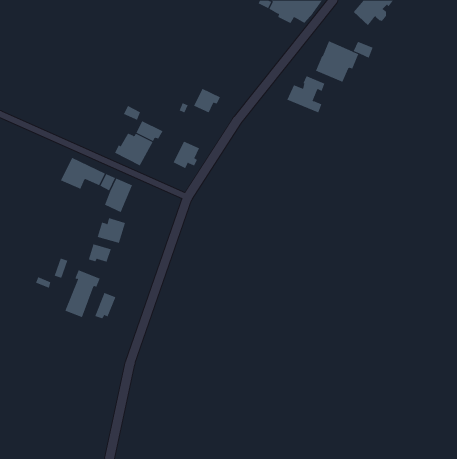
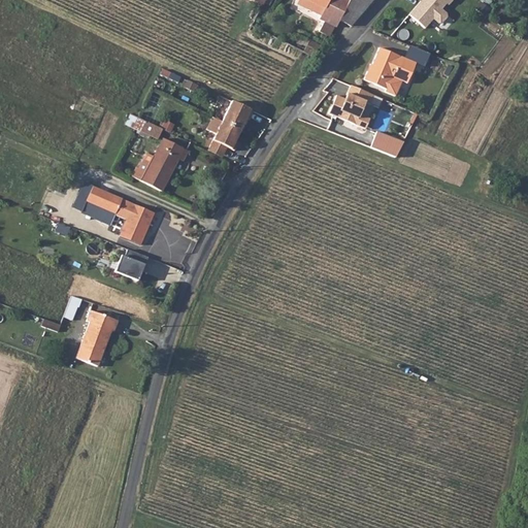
building: none -> [369,130,402,158]
building: [173,141,200,169] -> [211,122,242,154]
building: [88,244,111,263] -> none
building: [95,292,116,319] -> none

